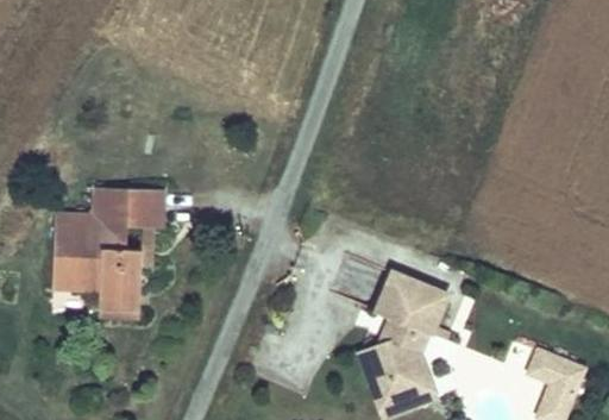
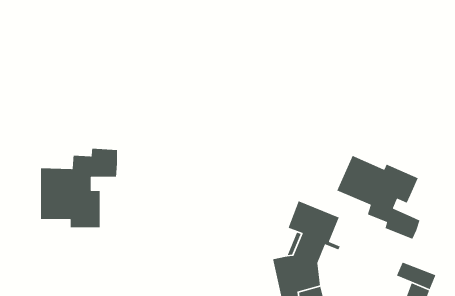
building: none -> [336,155,421,240]

